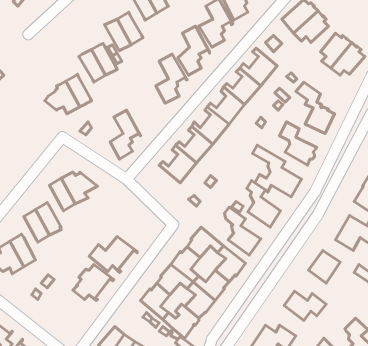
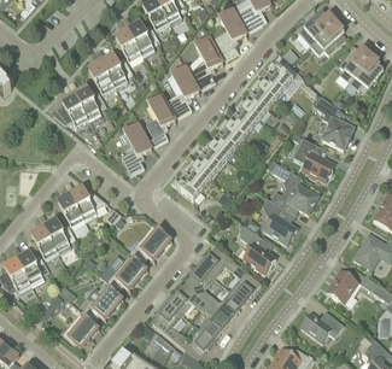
building: none -> [146,94,176,145]
building: none -> [130,228,172,260]
building: none -> [63,311,100,348]

